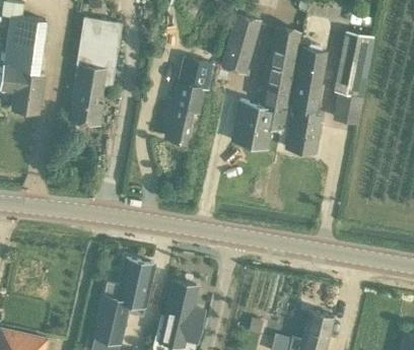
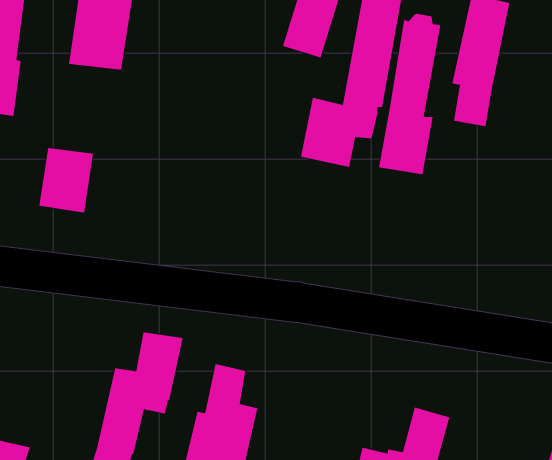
building: [163,55,216,143] -> none
building: [69,80,107,125] -> [39,147,94,213]

